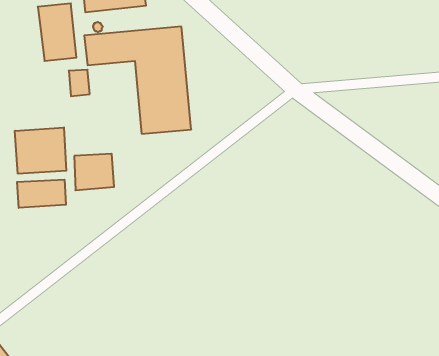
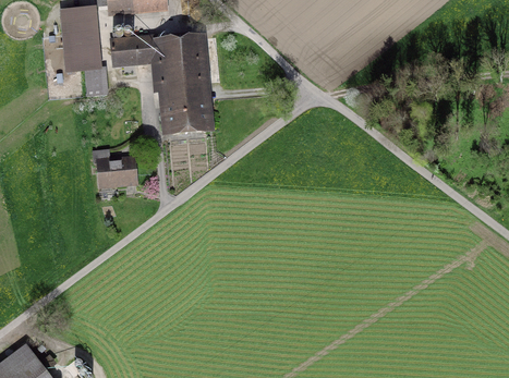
building: [15,127,66,174] -> none
building: [17,180,66,208] -> none

